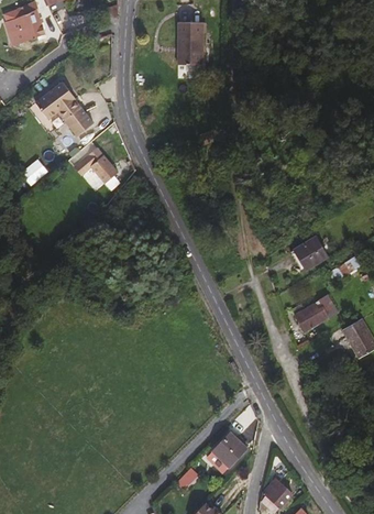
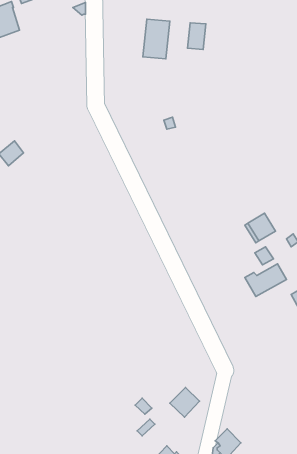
building: none -> [188,23,206,49]
building: [36,80,92,135] -> none
building: [72,149,116,184] -> none

